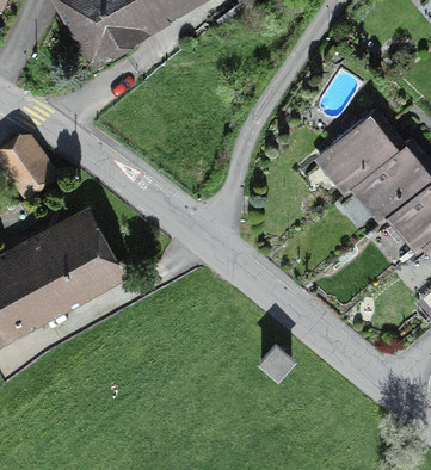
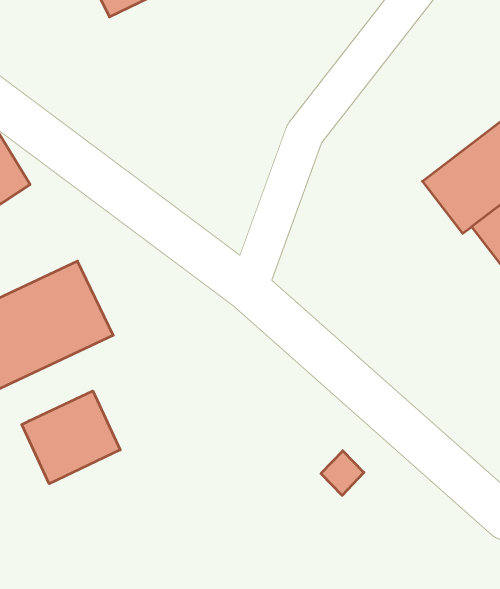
building: none -> [22,391,120,484]

